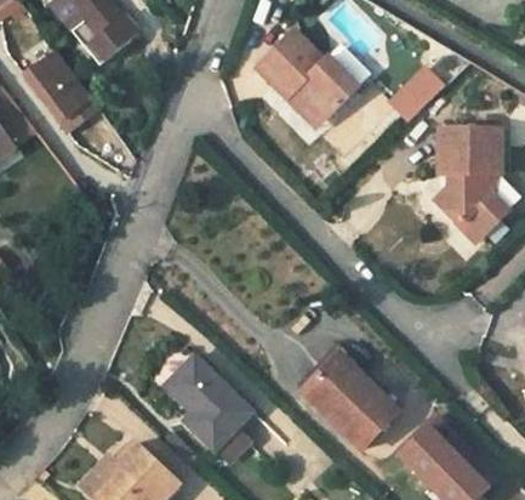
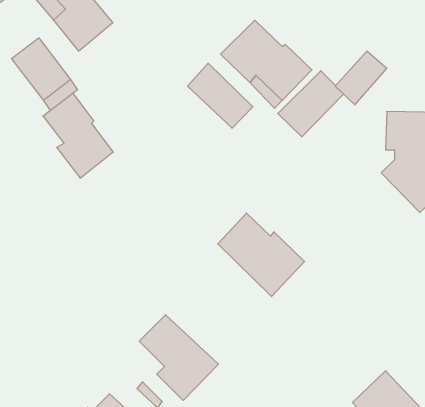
building: none -> [188,63,253,128]
building: none -> [43,93,113,178]
building: [303,357,399,449] -> [218,213,305,297]

